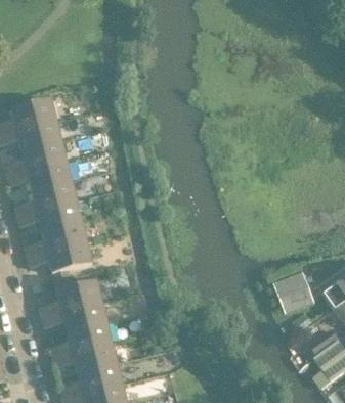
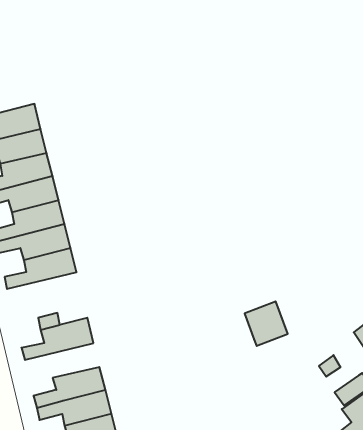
building: [28,241,92,272] -> none
building: [275,273,312,311] -> [245,301,288,346]
building: [43,302,106,331] -> none

